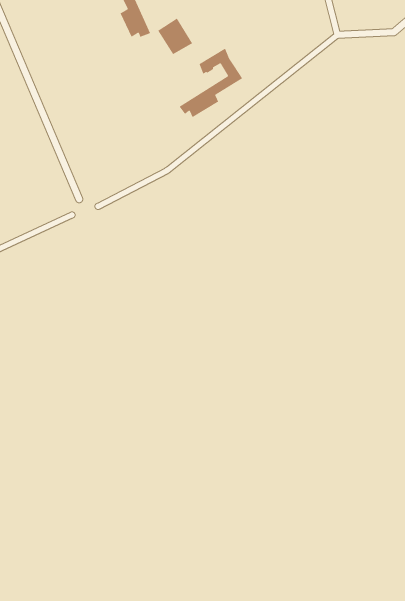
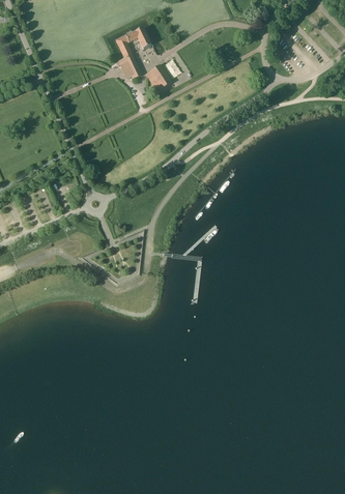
building: [178,47,243,118] -> none

